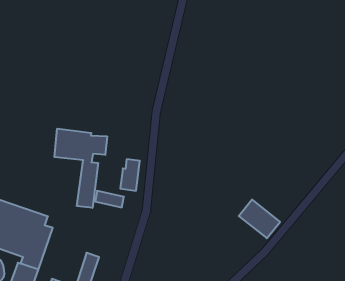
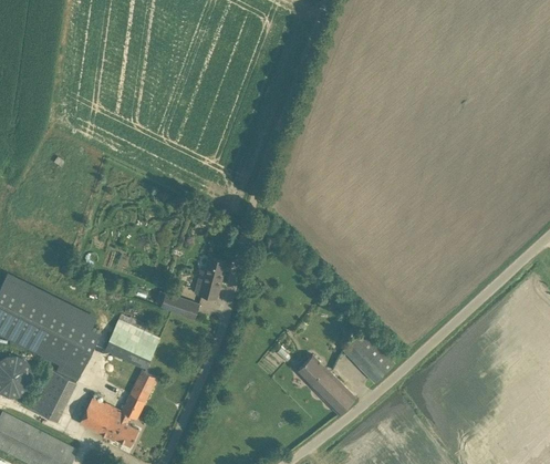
building: [54,129,107,208] -> none
building: none -> [104,316,160,372]
building: none -> [297,357,355,415]

